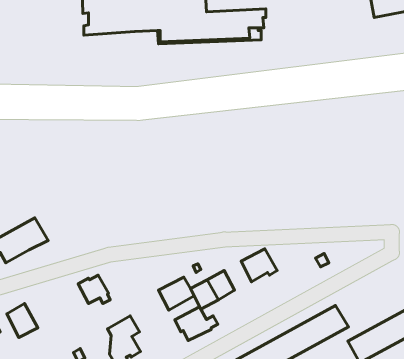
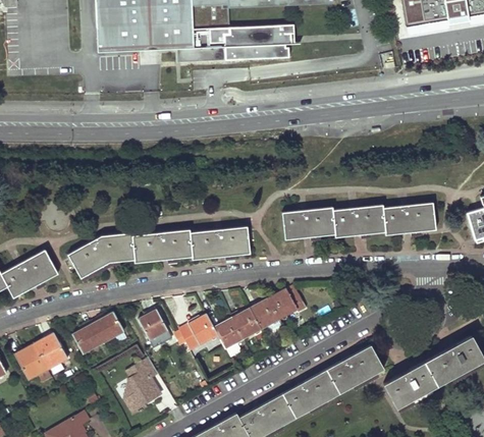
building: none -> [282,203,436,240]
building: none -> [68,227,250,279]
building: none -> [250,297,279,329]
building: none -> [138,309,172,347]
building: none -> [72,322,103,354]
building: none -> [34,333,68,370]
building: [175,307,218,340] -> none

